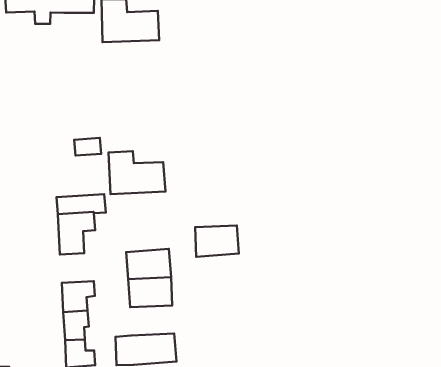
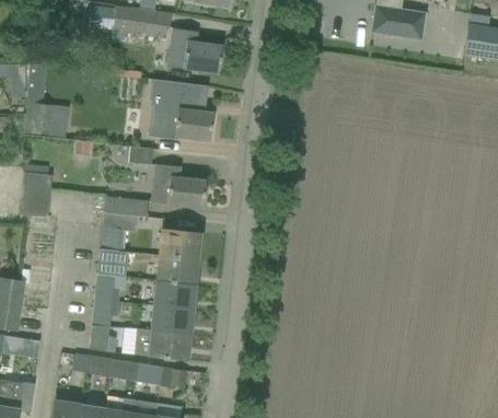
building: none -> [147,79,213,139]
building: [195,225,239,257] -> [159,229,199,258]
building: none -> [97,247,128,276]
building: none -> [151,304,192,334]

